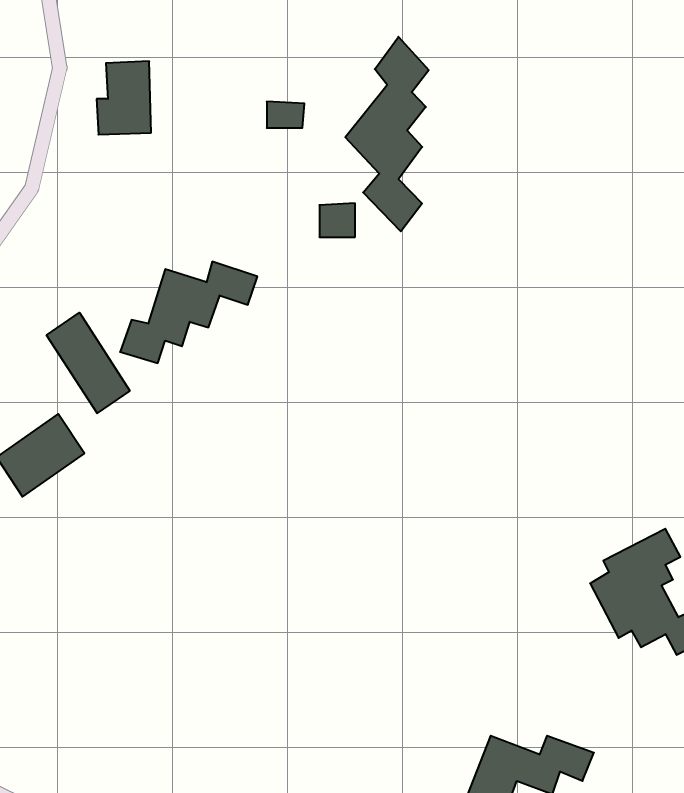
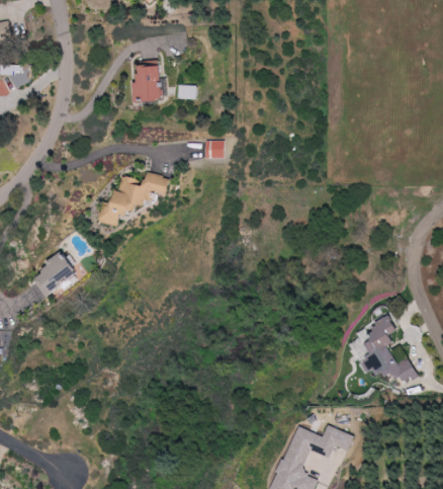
building: [345,37,429,231] -> none
building: [97,61,151,135] -> [132,62,162,101]
building: [47,313,130,413] -> none

